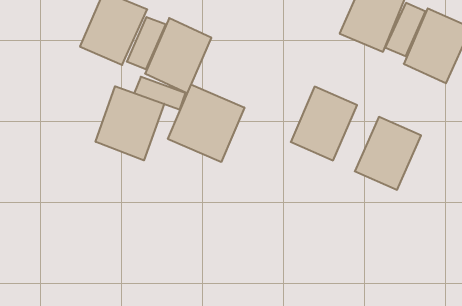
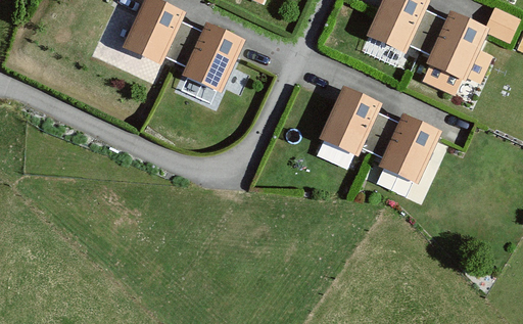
building: [168,84,244,162] -> none
building: [96,86,164,160] -> none
building: none -> [361,109,398,159]

